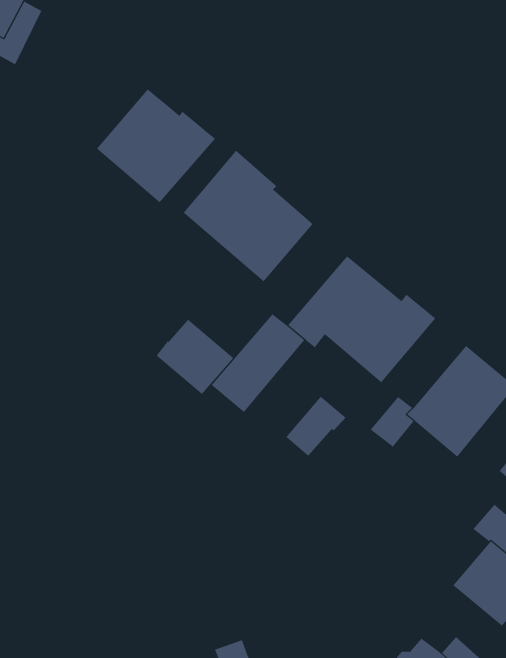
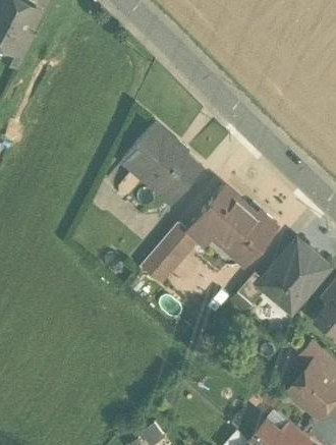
building: [96,88,216,203] -> none
building: [156,319,234,395] -> none
building: [286,396,347,456] -> none

